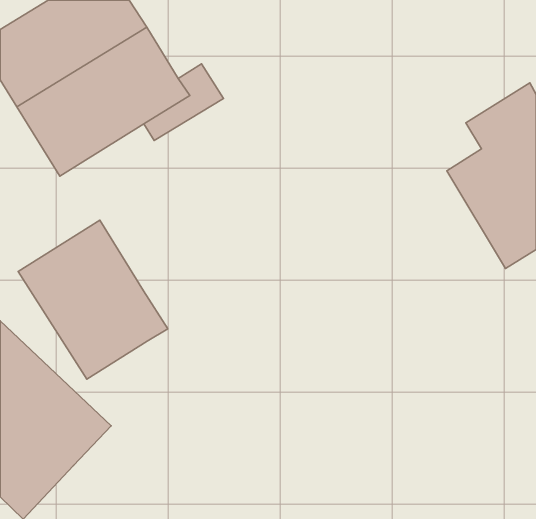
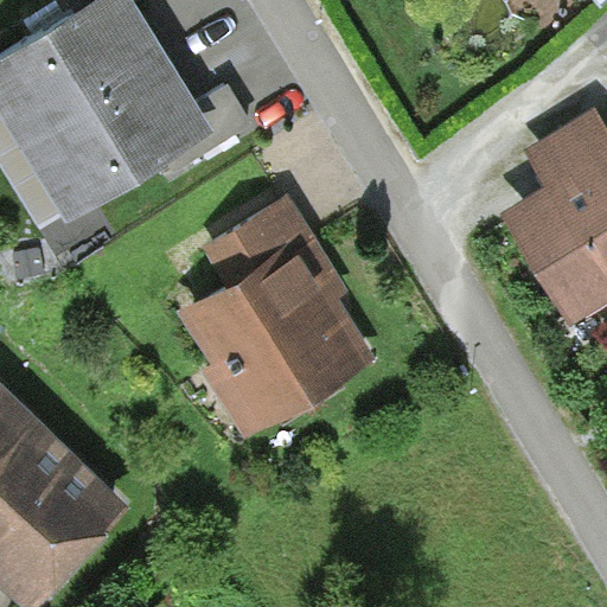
building: none -> [175,202,373,446]
building: [18,220,168,379] -> none

